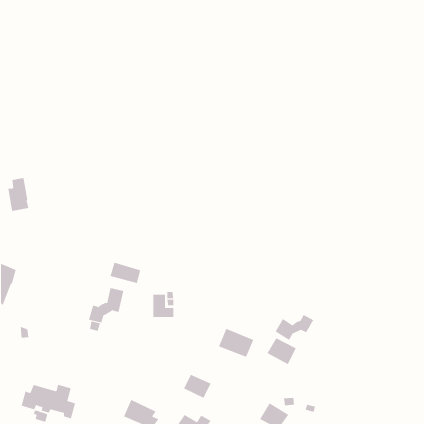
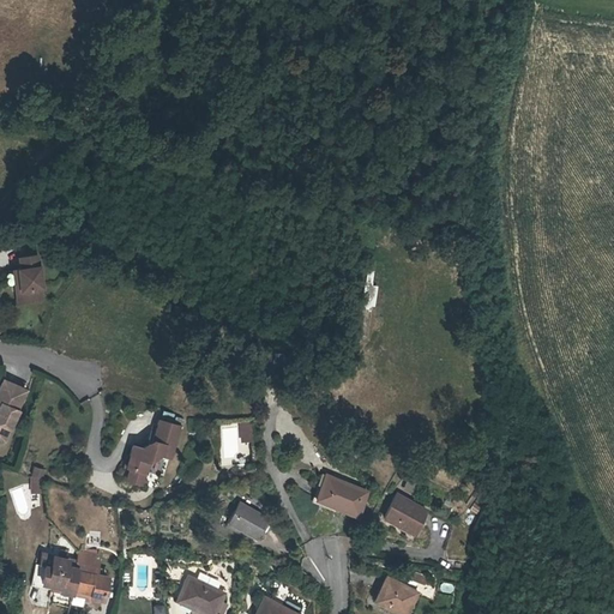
building: [110,262,141,284] -> none
building: [275,314,314,341] -> none
building: [183,374,211,398] -> [228,502,269,537]

